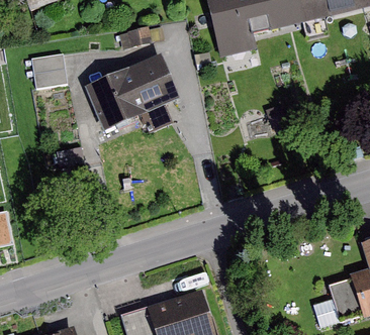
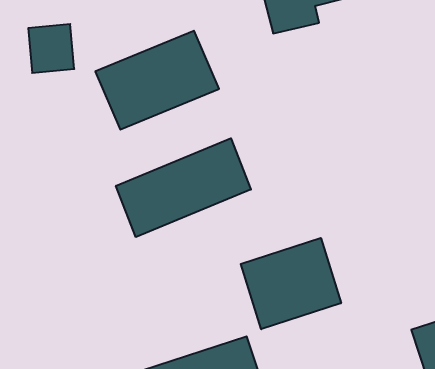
building: none -> [116,138,251,237]
building: none -> [241,238,341,329]

